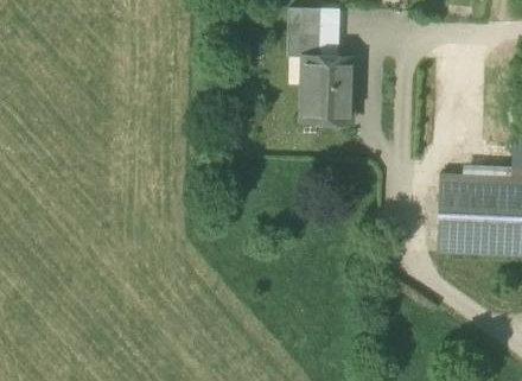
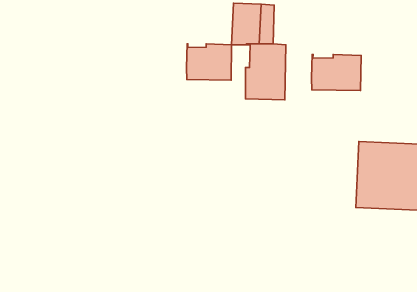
building: none -> [186,44,232,80]
building: none -> [311,54,361,91]

